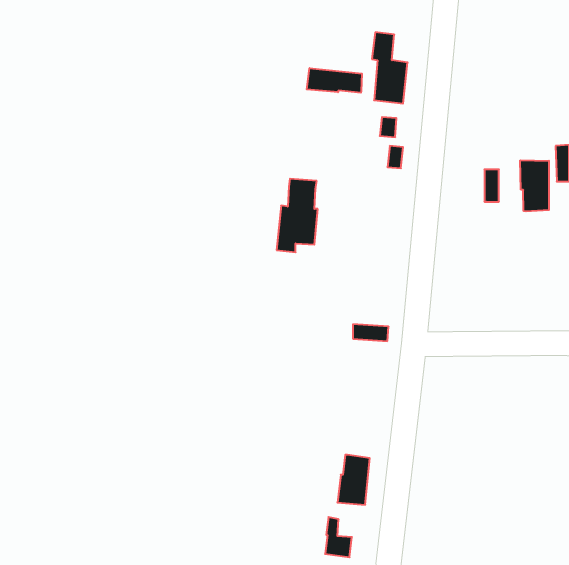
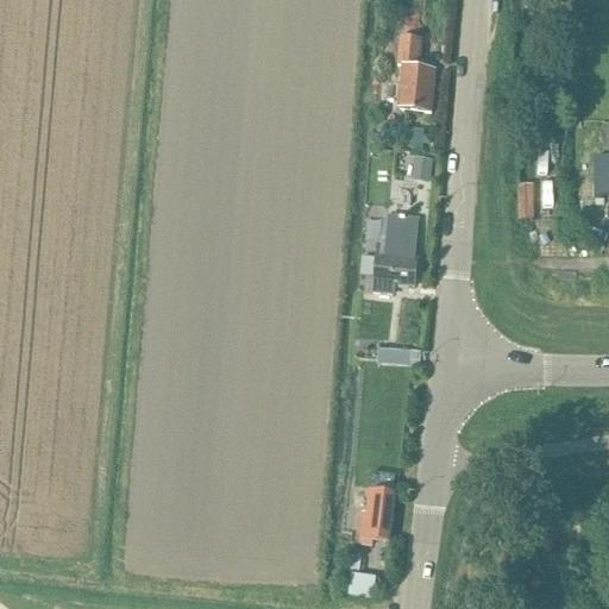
building: [307,68,362,93] -> none
building: [520,160,549,211] -> none
building: [277,179,318,252] -> [373,213,417,291]

